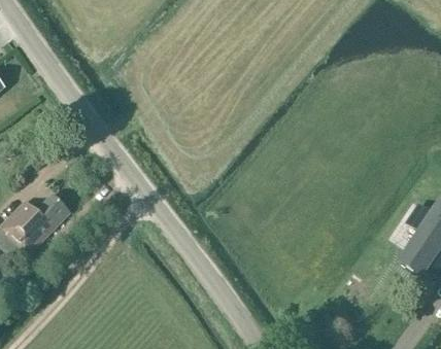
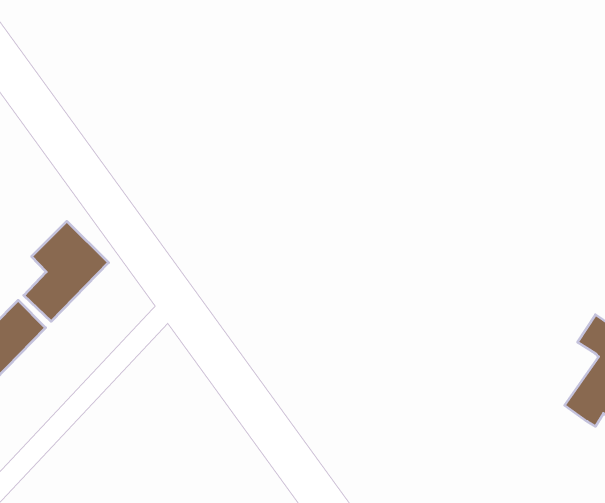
building: none -> [24,221,109,321]

